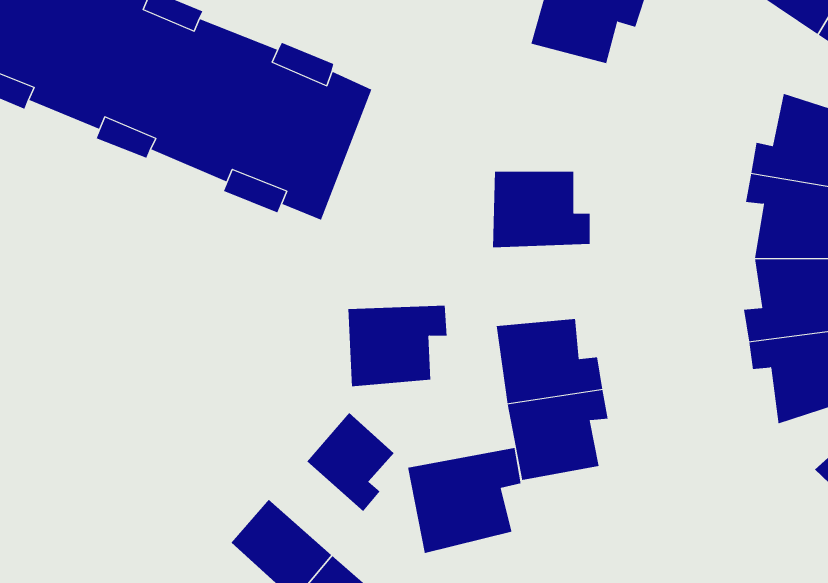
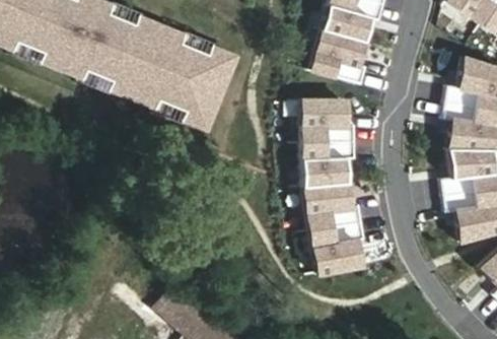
building: none -> [311,29,368,84]
building: [347,305,447,387] -> [301,141,357,187]
building: [306,412,395,512] -> none
building: [407,447,521,554] -> none

